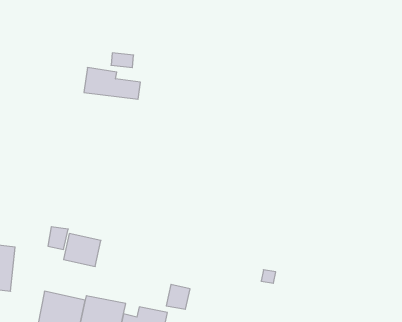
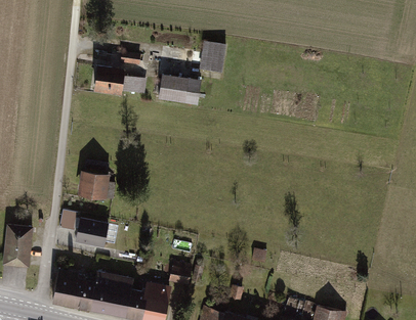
building: none -> [200,43,225,73]
building: none -> [158,76,201,106]
building: none -> [78,173,109,201]

